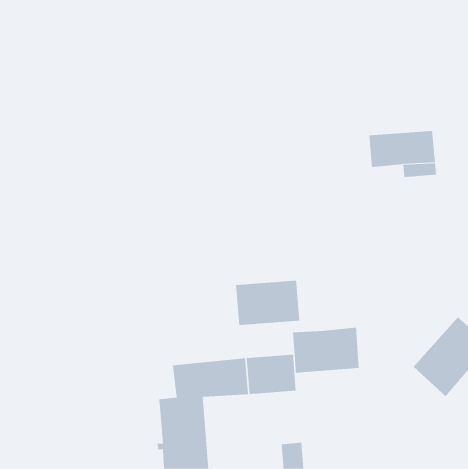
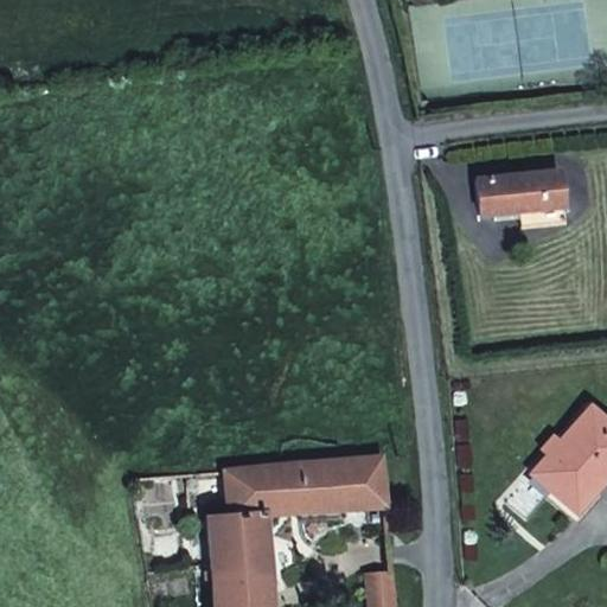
building: [236,280,300,326] -> none
building: [293,327,359,373] -> none

